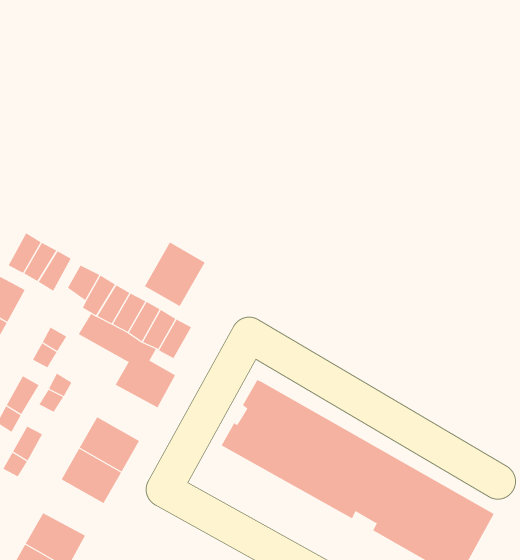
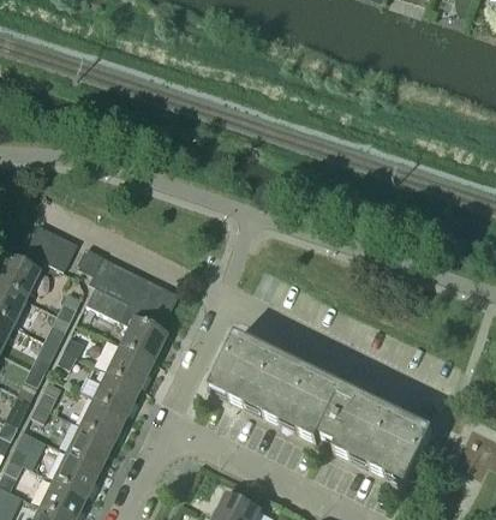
building: [144,242,206,307] -> none
building: none -> [106,342,155,387]
building: none -> [66,422,115,466]

